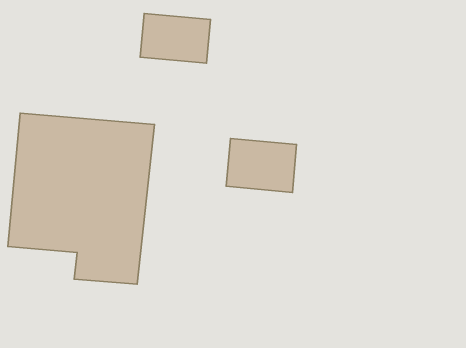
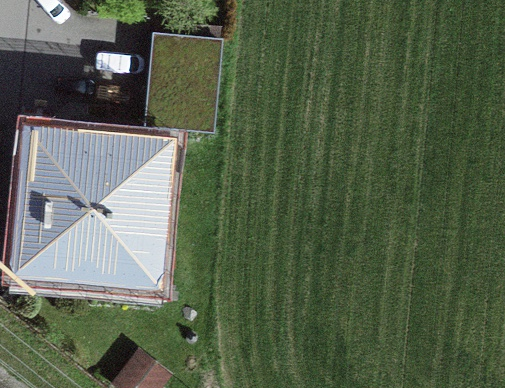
building: [226,138,297,192] -> [145,72,214,125]

